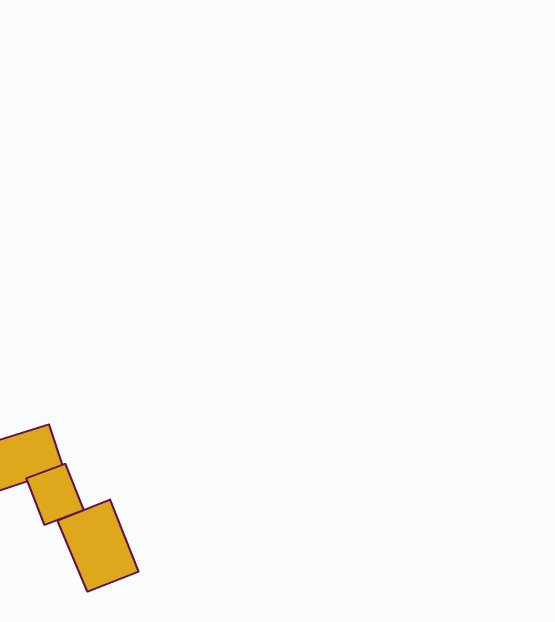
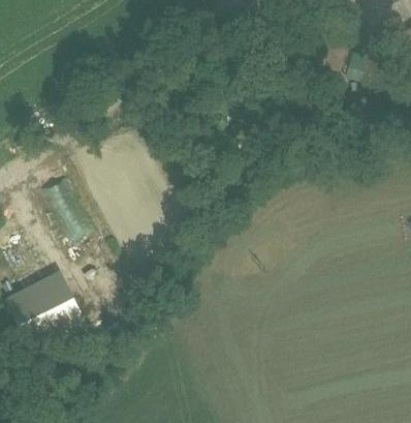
building: [58,499,138,592] -> none

